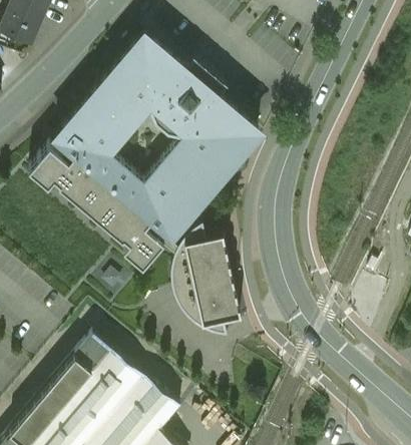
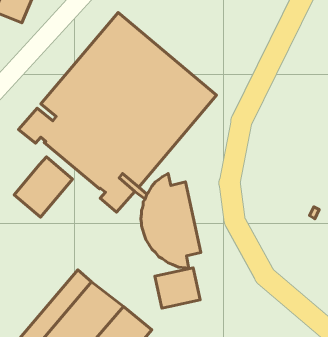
building: none -> [14,157,73,217]
building: none -> [155,268,200,308]

